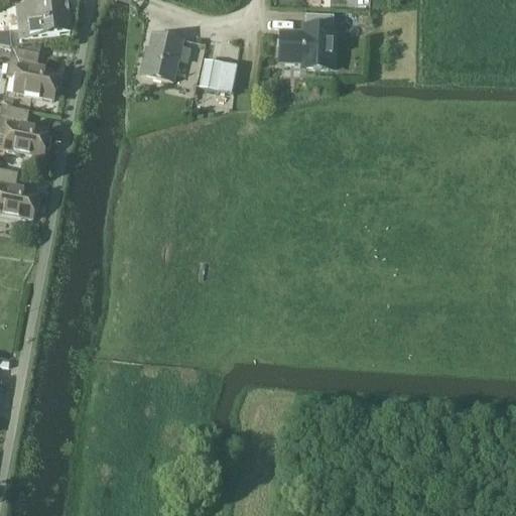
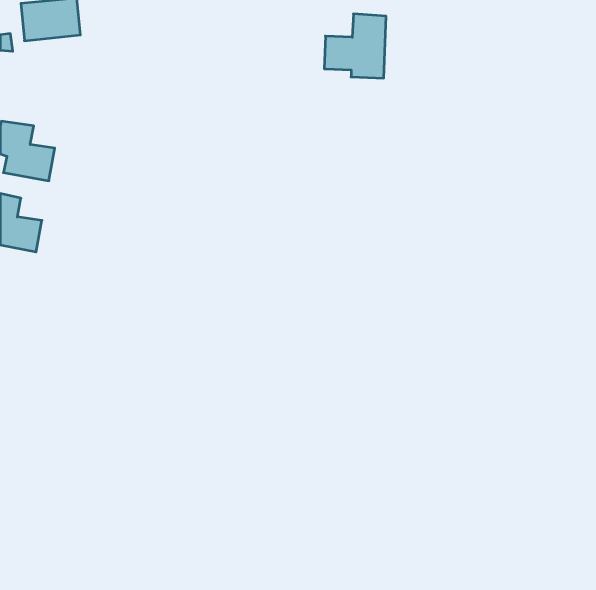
building: [141,32,189,81] -> none
building: [6,46,57,98] -> none
building: [201,58,236,89] -> none

